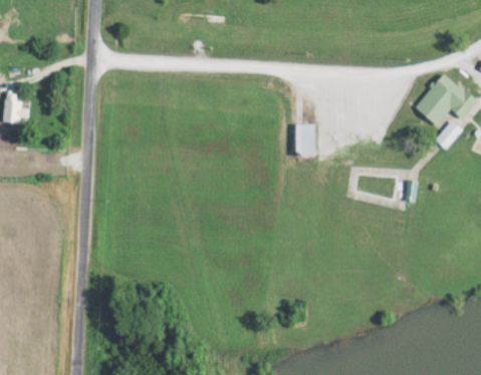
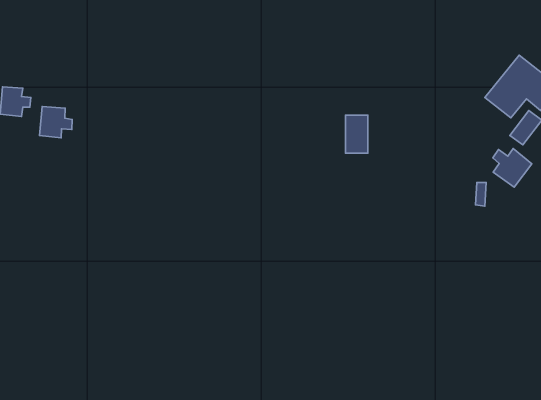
building: none -> [40,107,72,138]
building: none -> [493,149,532,187]

